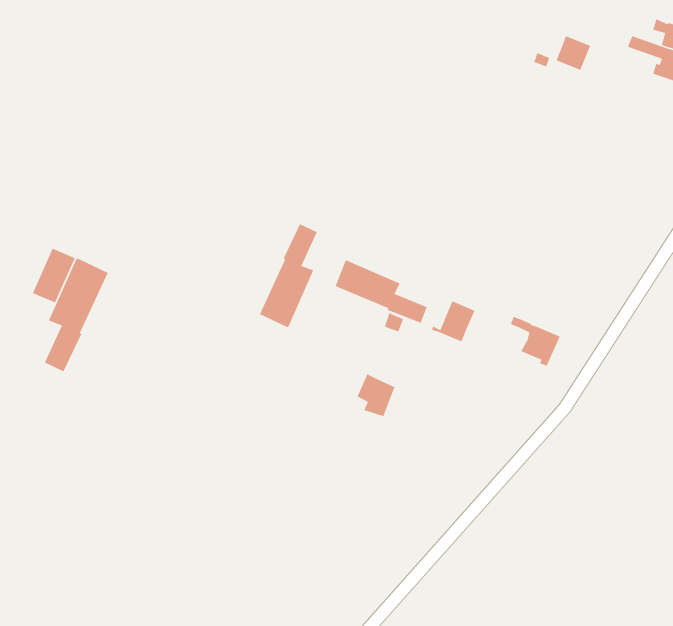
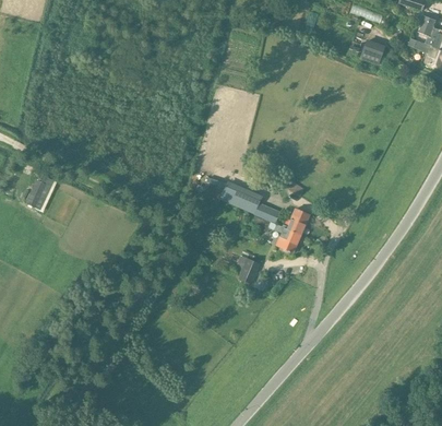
building: [259,223,318,328] -> none
building: [44,258,109,372] -> none
building: [510,316,561,367] -> [268,221,301,253]

